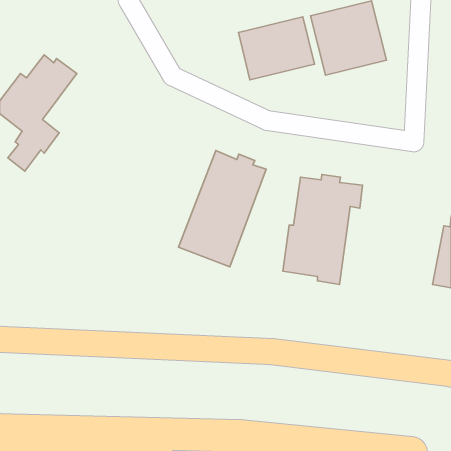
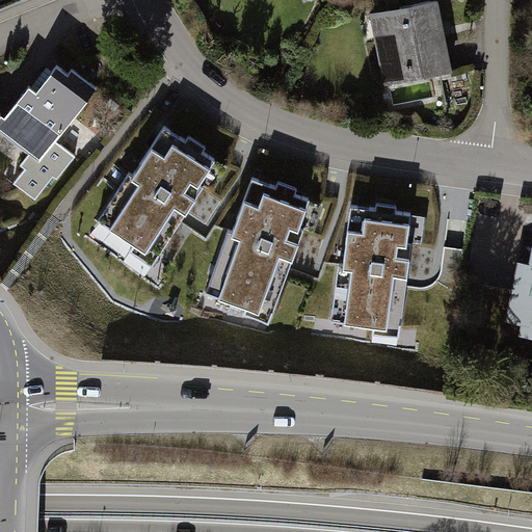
building: [238,17,315,80] -> none
building: none -> [110,131,219,252]

